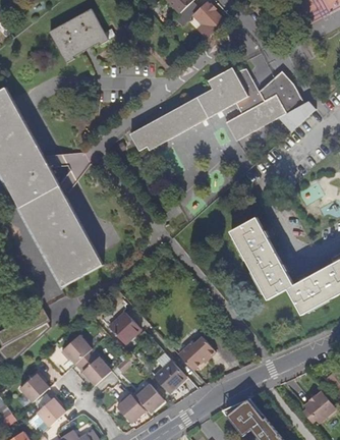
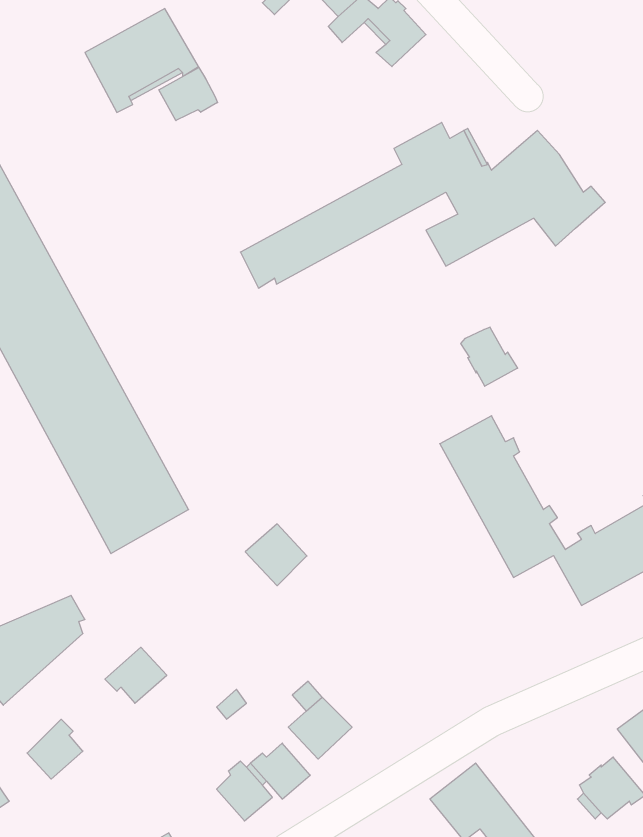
building: none -> [159,67,218,121]
building: none -> [461,327,518,386]
building: [107,313,138,344] -> [245,524,307,586]
building: [177,337,215,371] -> none
building: [74,349,111,385] -> none
building: [36,396,65,427] -> none

